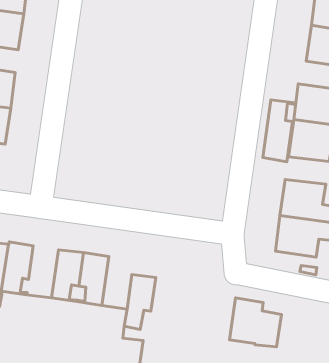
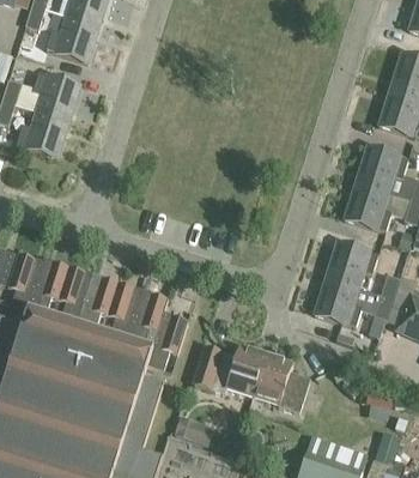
building: [263,100,296,162] -> none
building: none -> [53,265,93,321]
building: none -> [128,289,169,346]
building: none -> [194,344,266,395]

